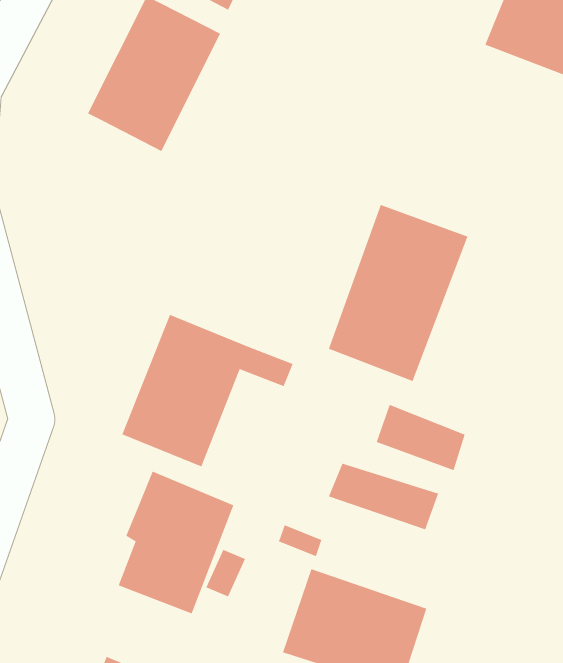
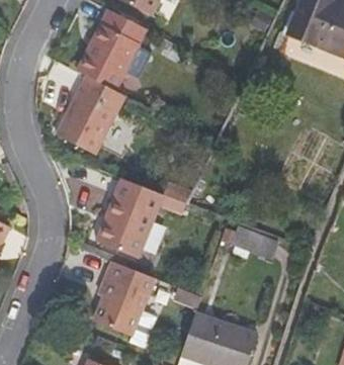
building: none -> [57,75,126,154]
building: [328,204,468,382] -> none
building: [328,463,439,530] -> none

